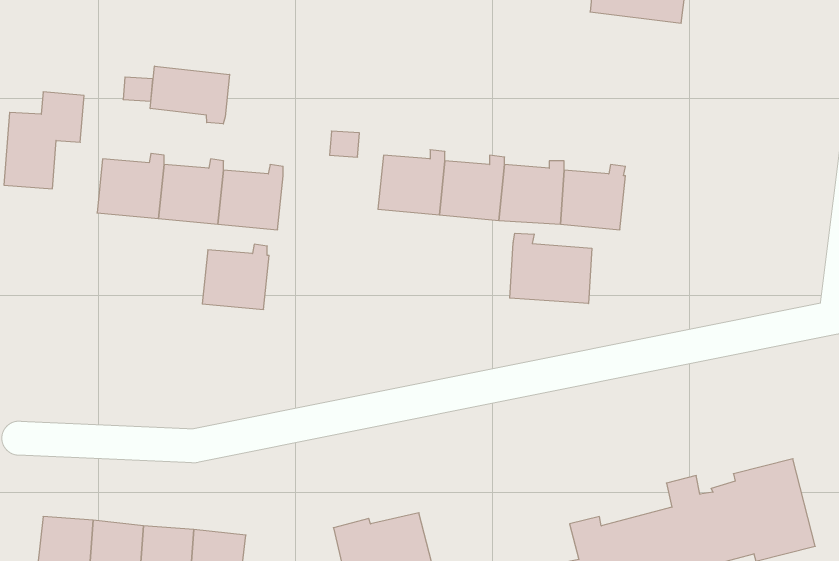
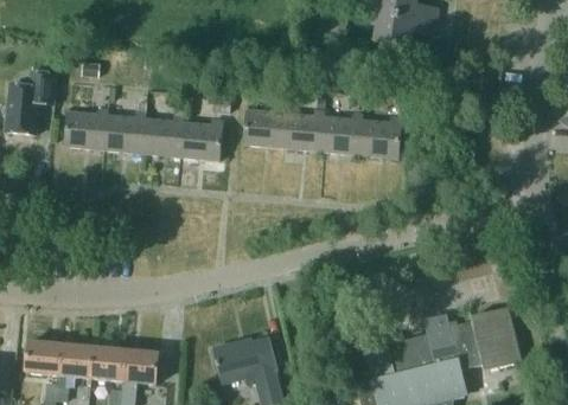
building: none -> [376,20,436,46]
building: [150,66,230,124] -> none
building: [510,233,592,304] -> none
building: [202,244,269,309] -> [179,121,222,162]

